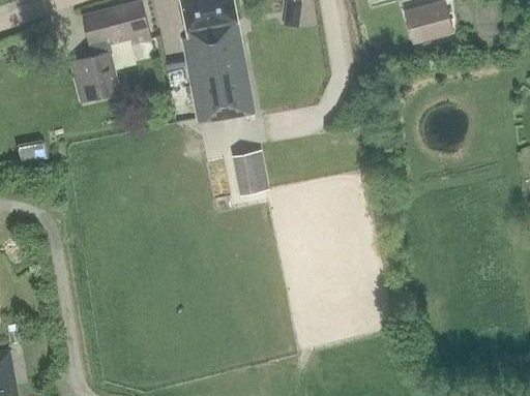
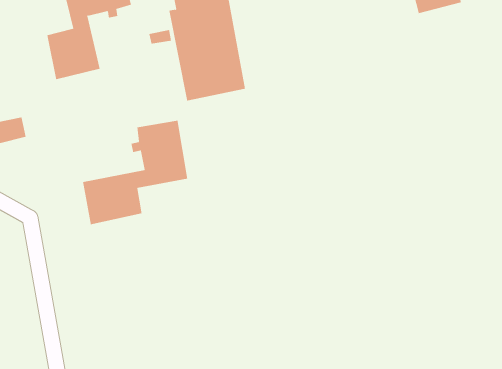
building: none -> [83,120,188,225]
building: [231,149,267,194] -> none

